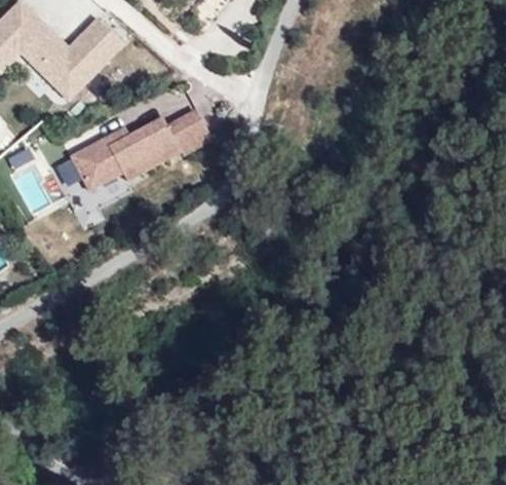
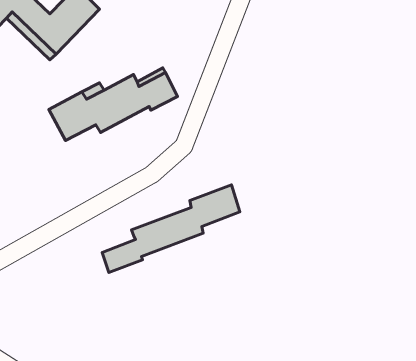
building: none -> [102,185,240,273]

